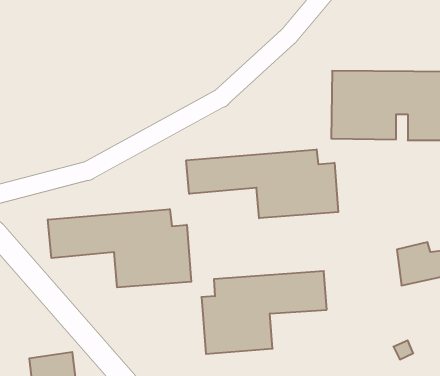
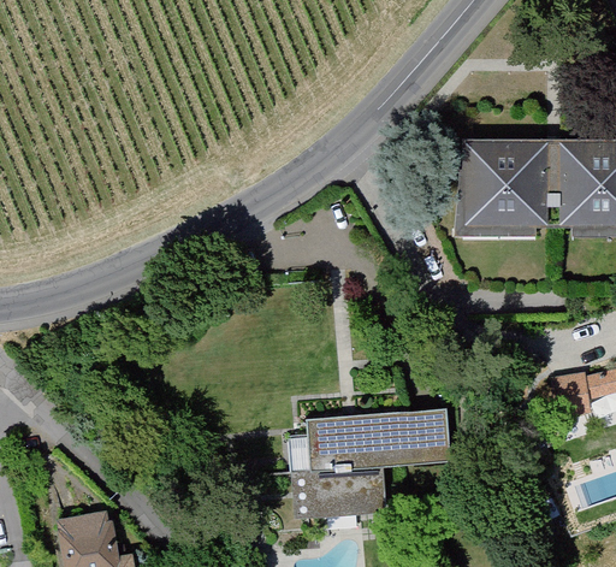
building: [186,149,338,218] -> none
building: [48,209,191,287] -> none

